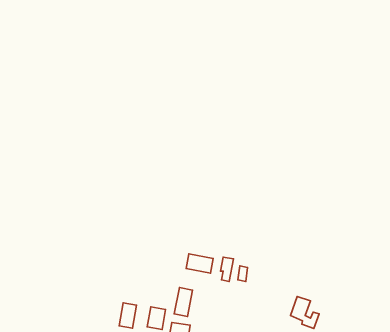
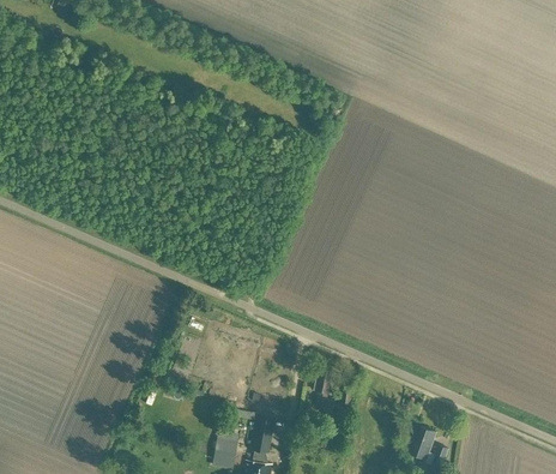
building: [186,254,213,273] -> none
building: [119,303,136,328] -> none

